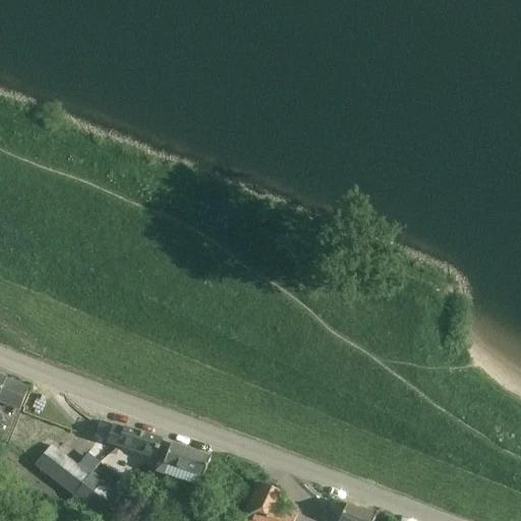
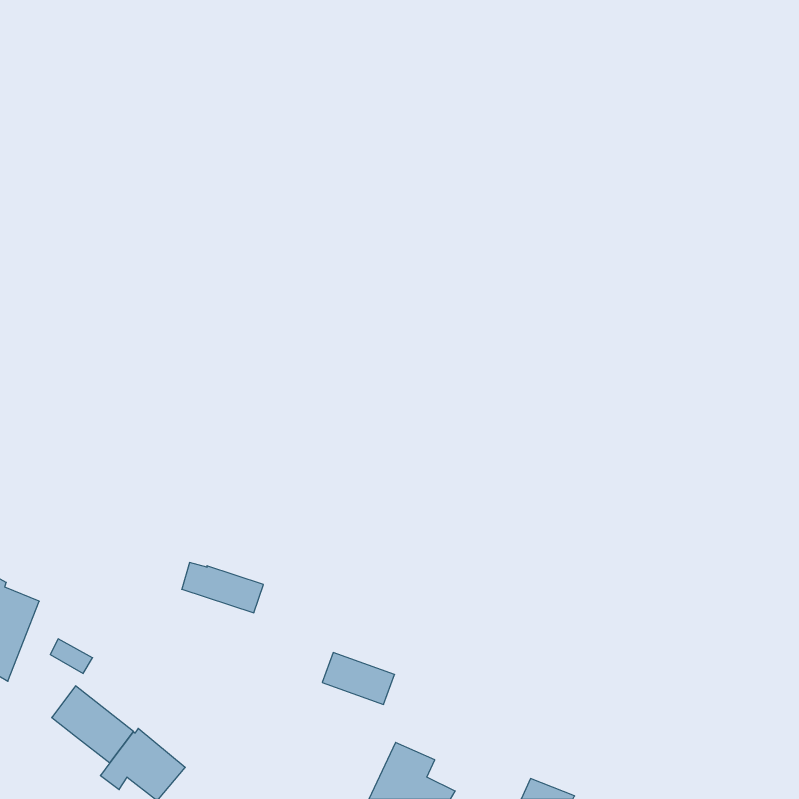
building: [106,425,159,458] -> [182,563,263,613]
building: [162,443,209,476] -> [322,653,395,704]

